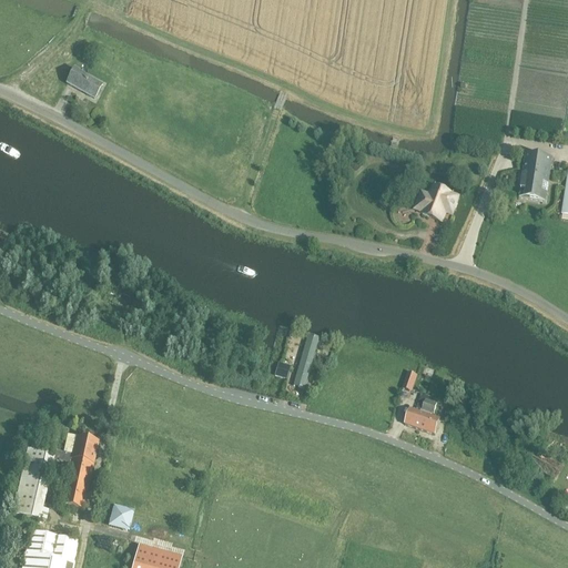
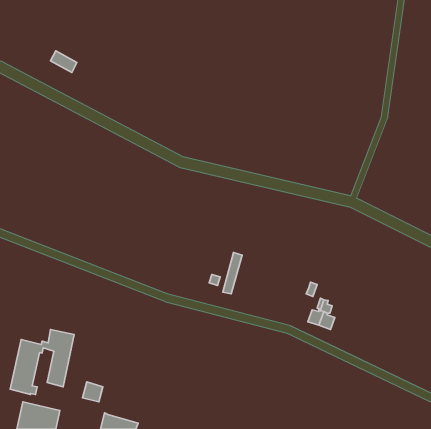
building: [519,152,552,200] -> none
building: [416,185,458,219] -> none

